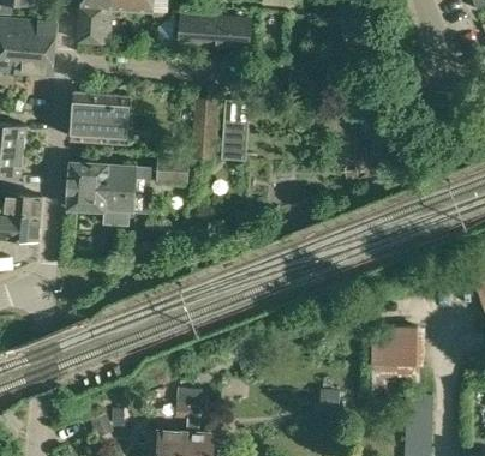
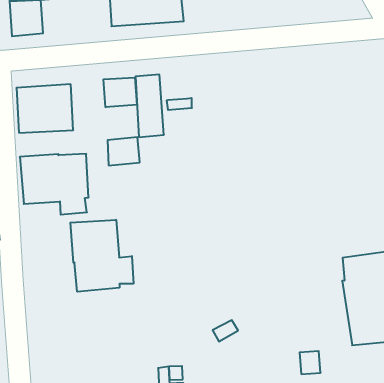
building: none -> [104,78,137,107]
building: none -> [70,220,133,292]

